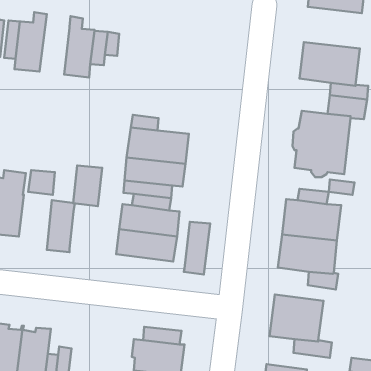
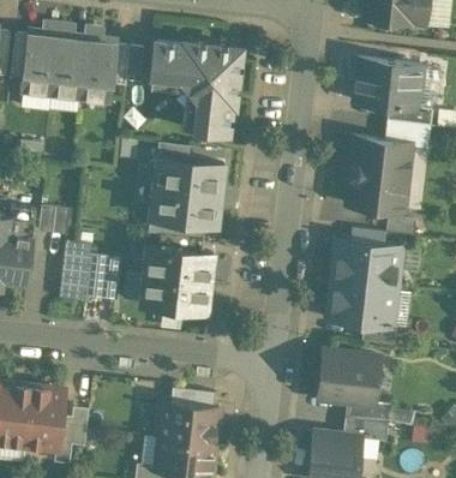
building: none -> [52,25,86,95]
building: none -> [150,41,241,133]
building: [73,166,102,206] -> [86,253,120,300]
building: [184,222,210,275] -> none

